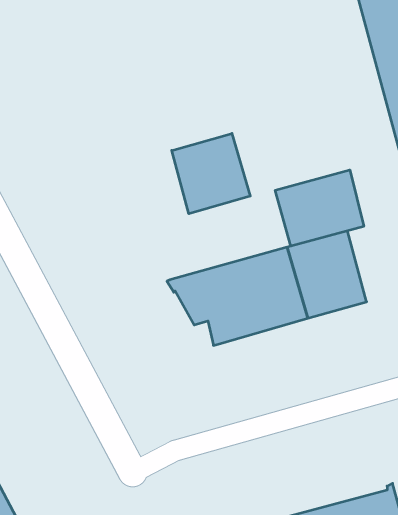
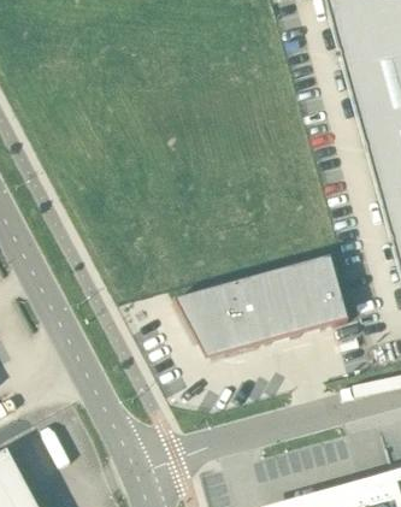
building: [172,133,250,214] -> none
building: [275,170,364,246] -> none

